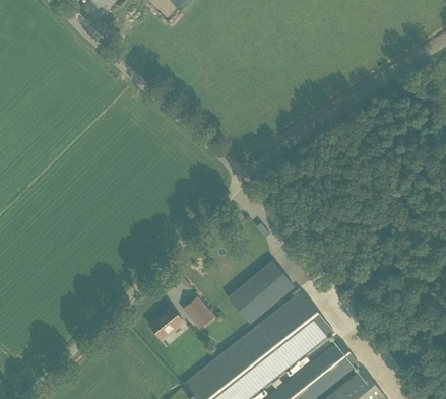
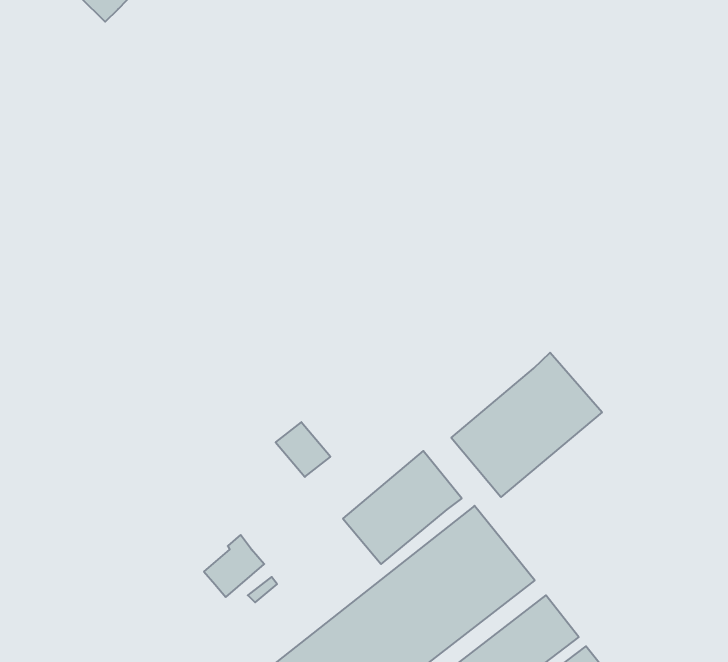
building: none -> [451,353,602,497]
building: [183,298,213,329] -> [276,422,330,477]

